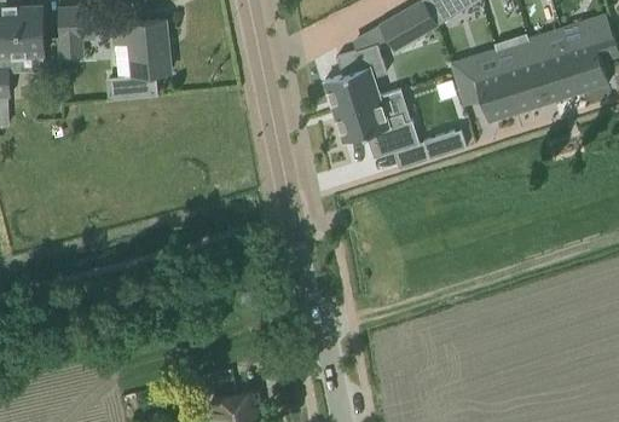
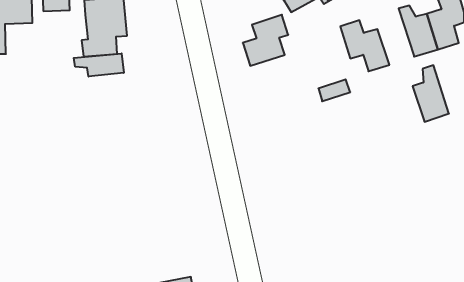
building: [503,35,551,110] -> [413,65,449,122]
building: none -> [74,53,124,77]
building: [334,97,420,158] -> none

